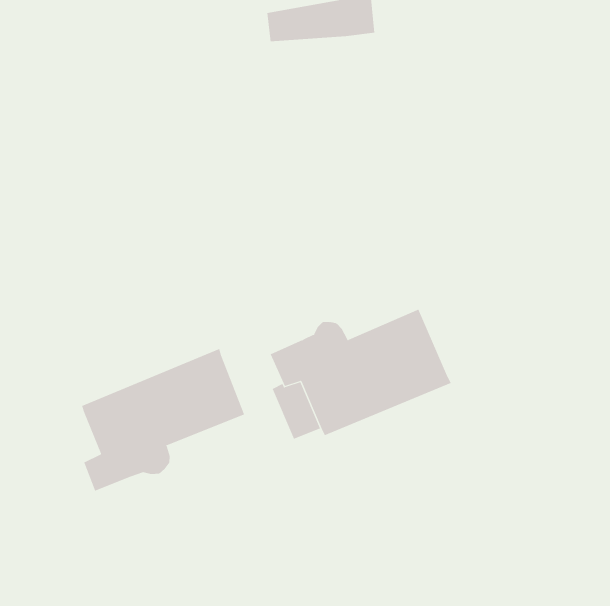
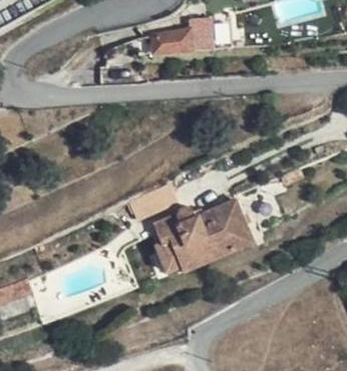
building: [81,348,245,491] -> none

